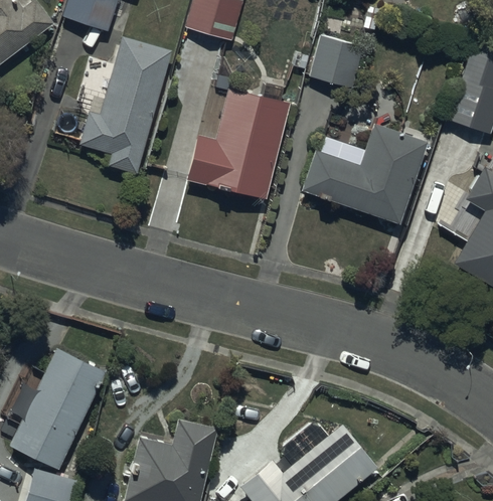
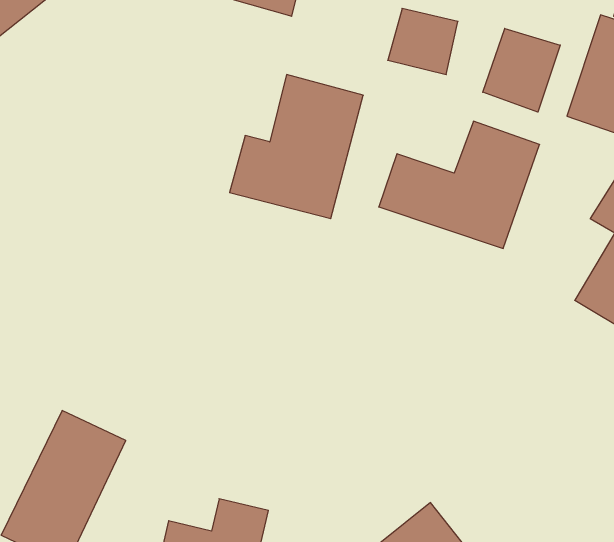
building: [79,37,171,174] -> none
building: none -> [483,28,560,112]

